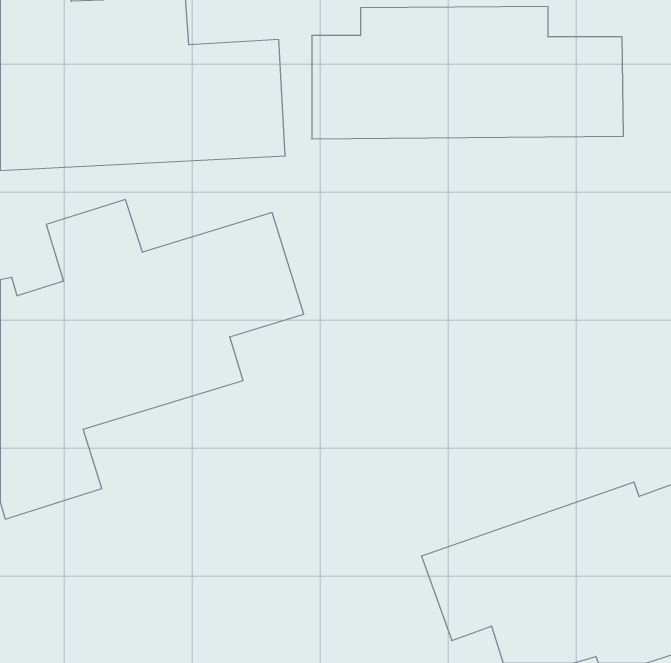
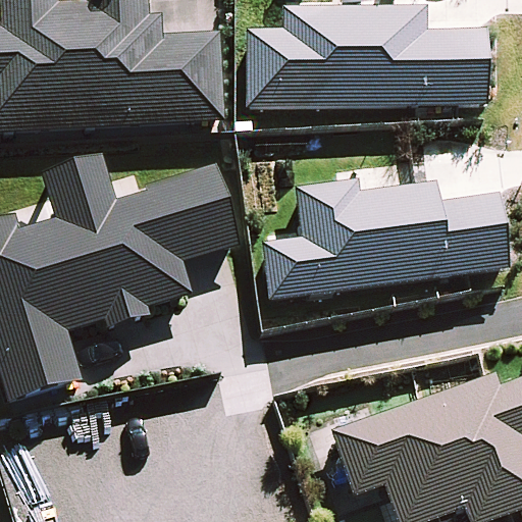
building: none -> [260,175,506,299]

